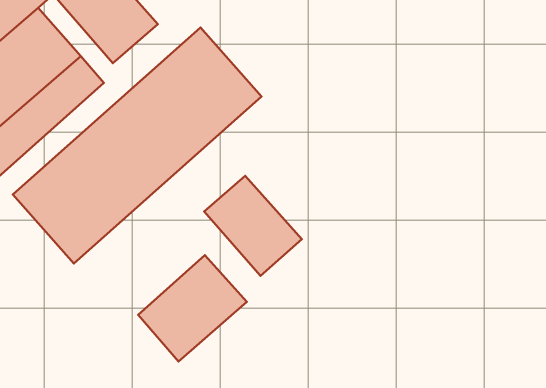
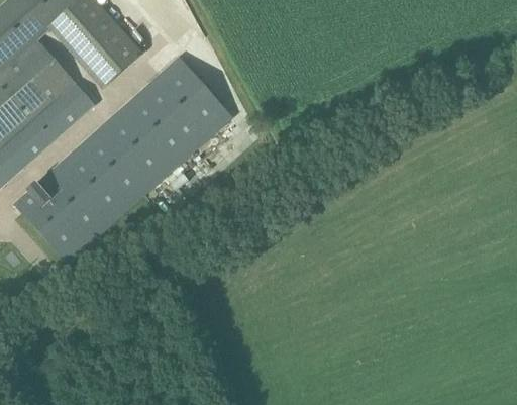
building: [204,176,302,276] -> none
building: [138,255,247,362] -> none

